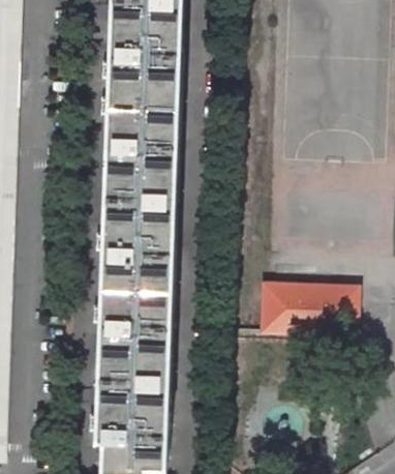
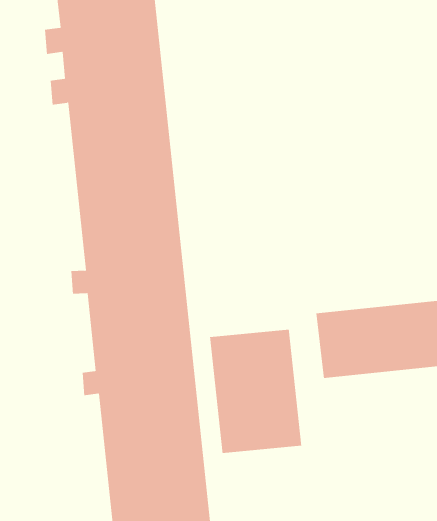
building: none -> [210,329,302,454]

